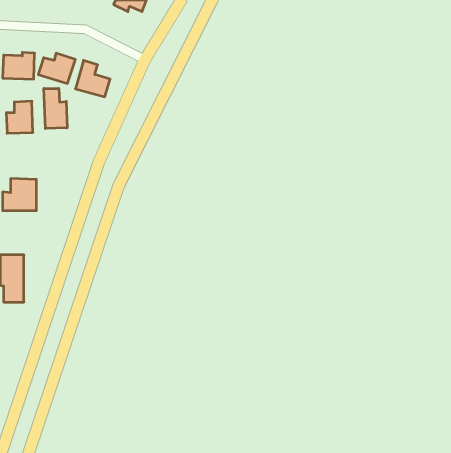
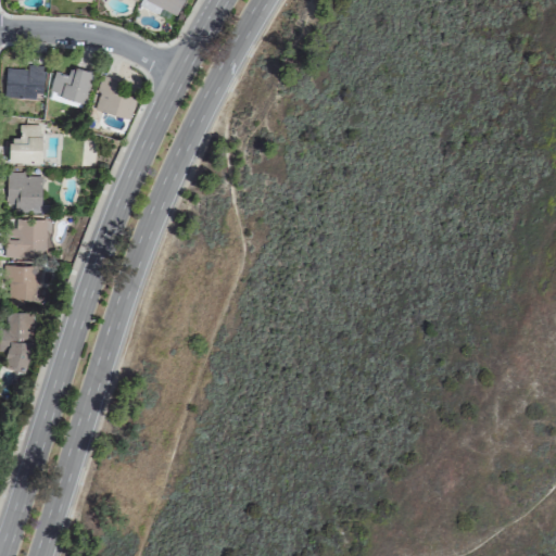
building: [44,88,67,129] -> none
building: none -> [9,176,43,213]
building: none -> [10,266,41,302]

